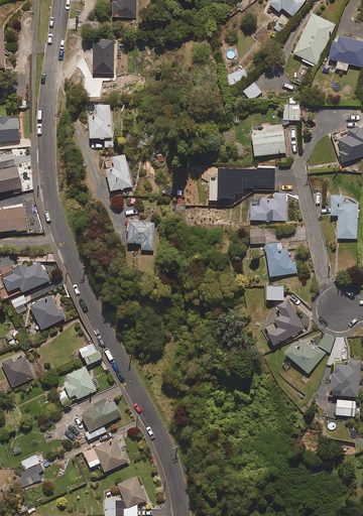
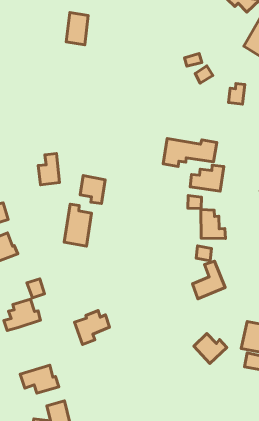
building: [88,105,111,140] -> none
building: [251,130,285,156] -> none
building: [105,154,131,191] -> [38,153,59,185]
building: none -> [64,204,92,246]
building: [287,340,325,373] -> [194,333,227,363]
building: [80,398,120,438] -> [74,311,110,345]

